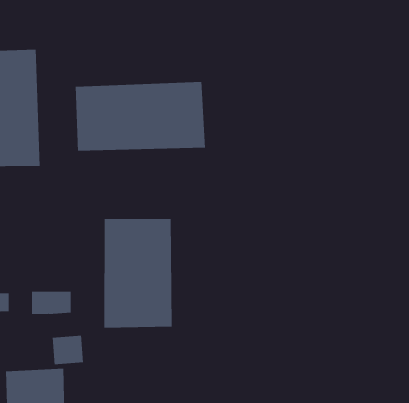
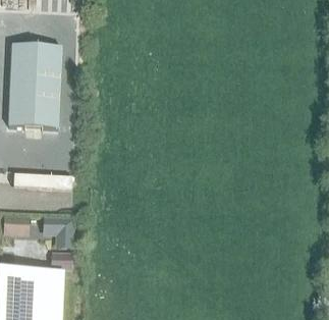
building: [75,81,205,152] -> none
building: [104,218,172,329] -> none

